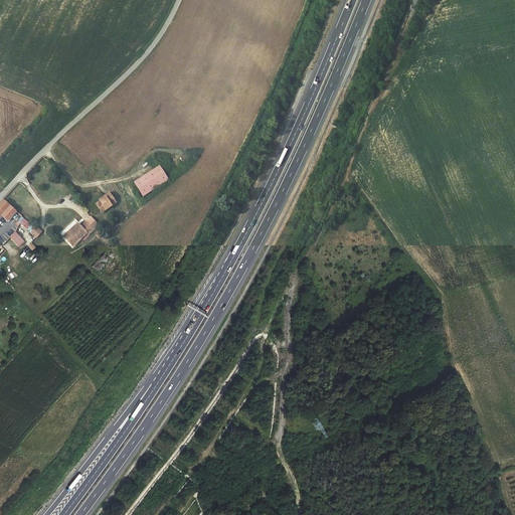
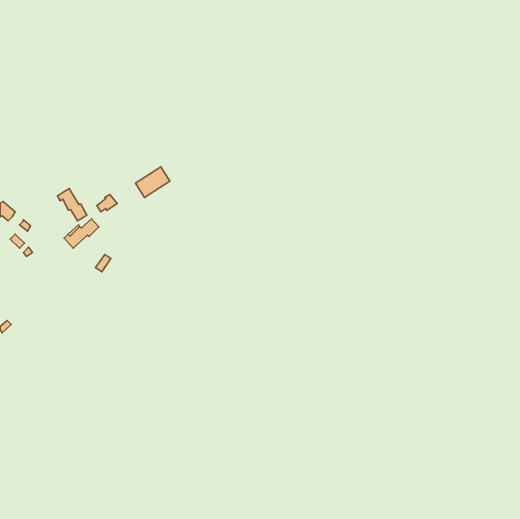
building: none -> [58,189,87,221]

